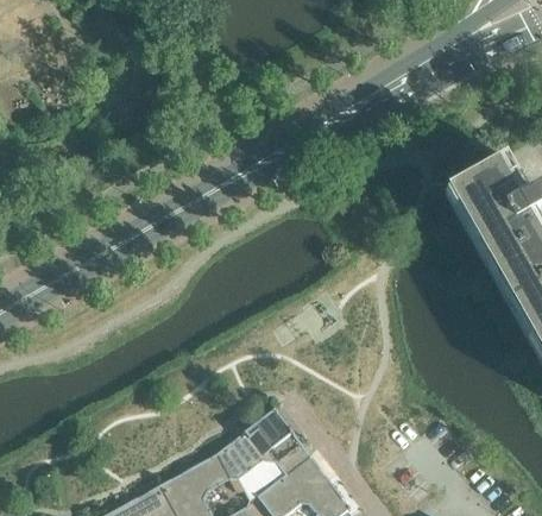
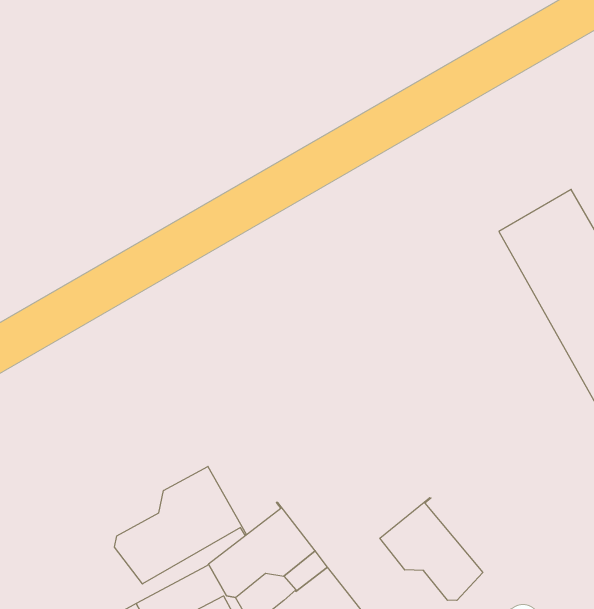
building: none -> [114,466,246,584]
building: none -> [380,498,483,600]

